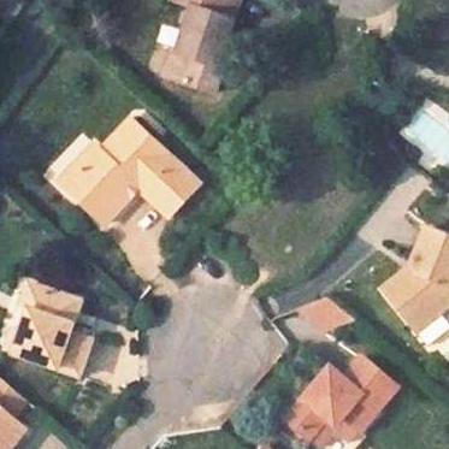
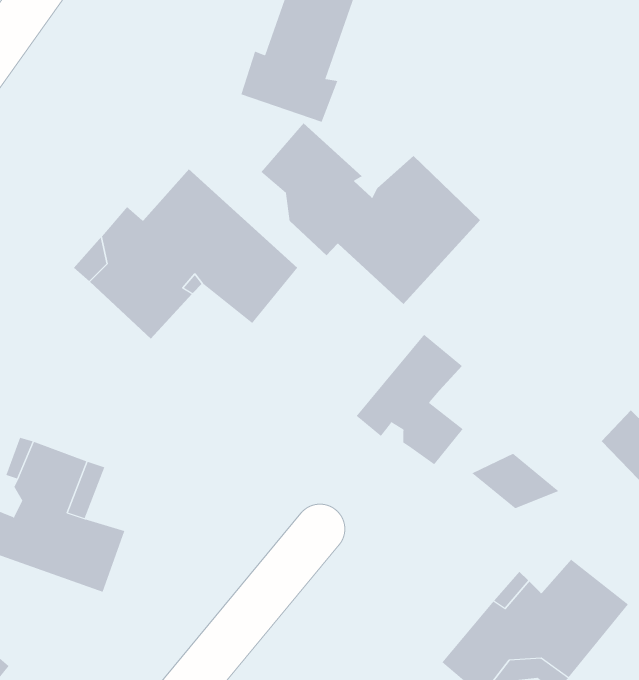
building: none -> [261,123,481,305]
building: none -> [356,334,463,465]

